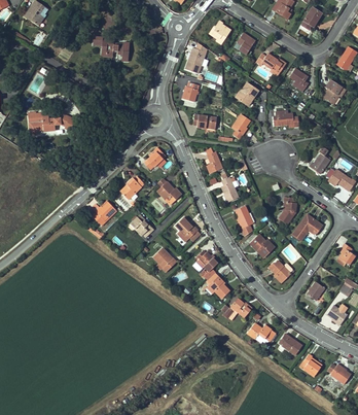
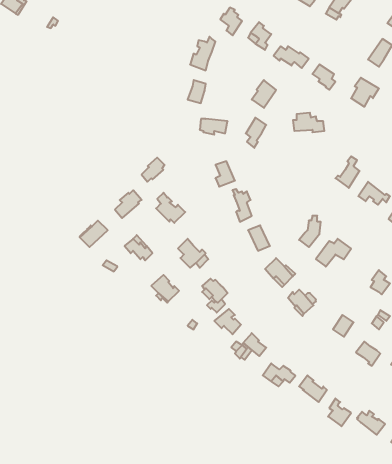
building: [93,35,130,61] -> none
building: [29,111,75,134] -> none

